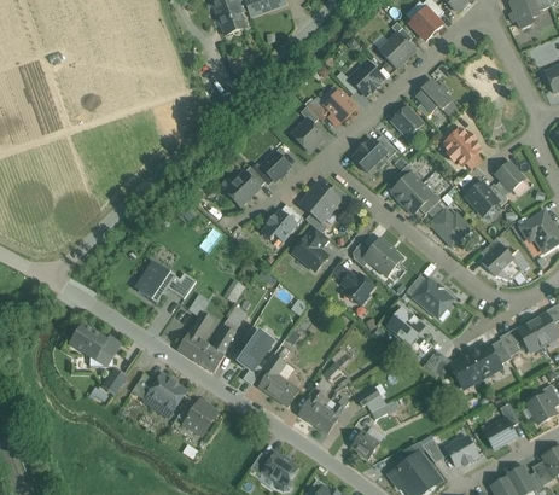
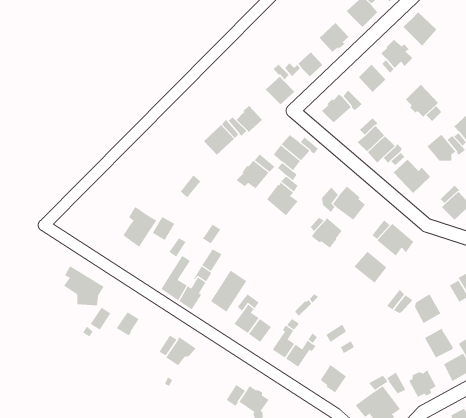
building: none -> [403,12,437,46]
building: [470,343,501,375] -> [424,328,453,358]
building: [149,374,186,410] -> none

